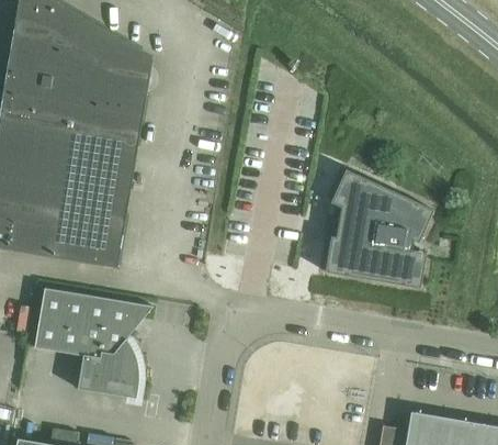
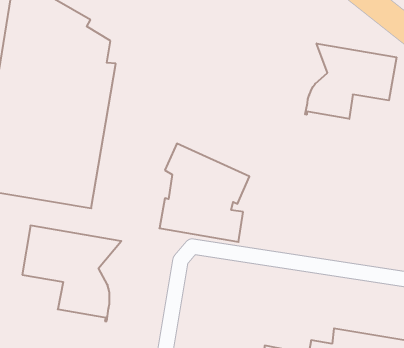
building: none -> [305,43,396,119]
building: [325,170,433,289] -> [159,144,249,242]

